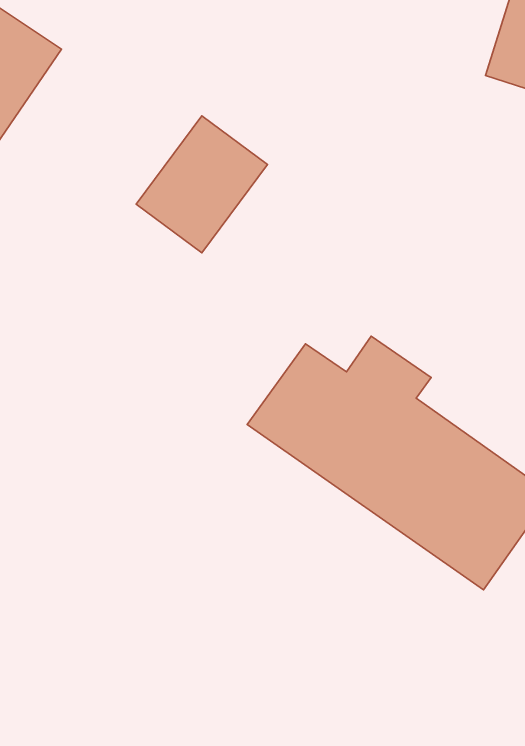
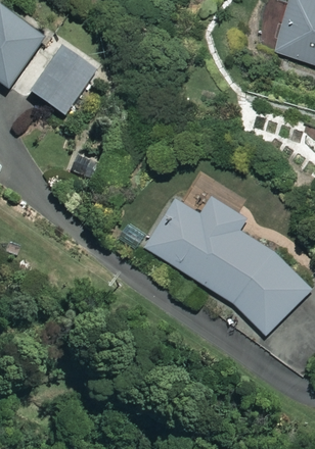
building: [136,116,268,253] -> [28,44,99,118]

